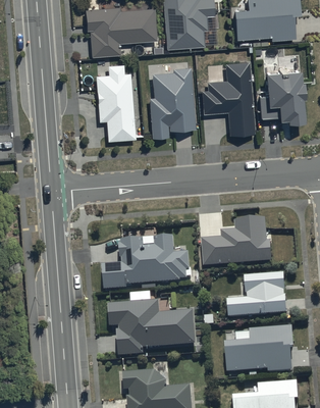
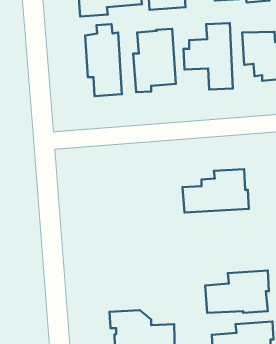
building: [102,238,189,291] -> none
building: [227,274,286,318] -> none
building: [108,302,196,356] -> none

